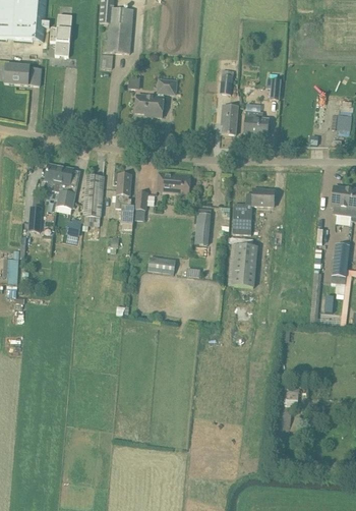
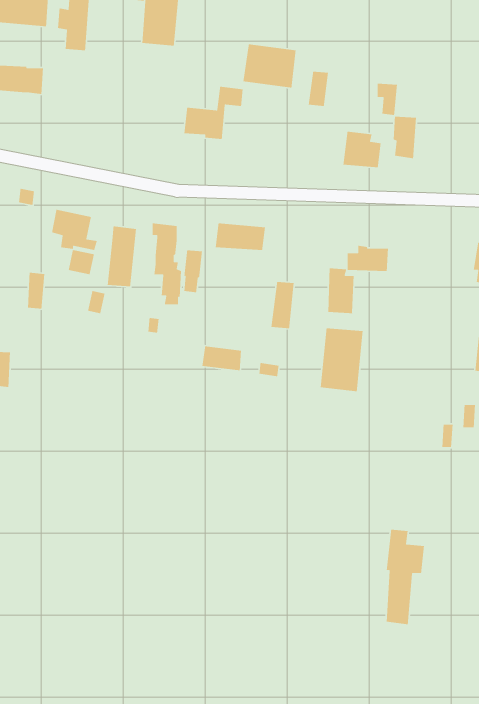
building: none -> [243,44,296,88]
building: [222,105,238,134] -> [393,116,417,159]

